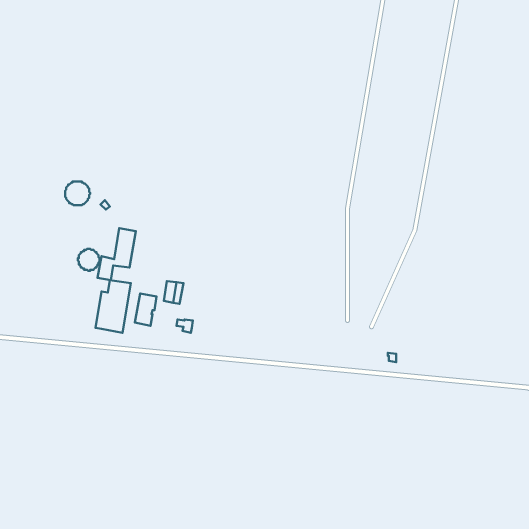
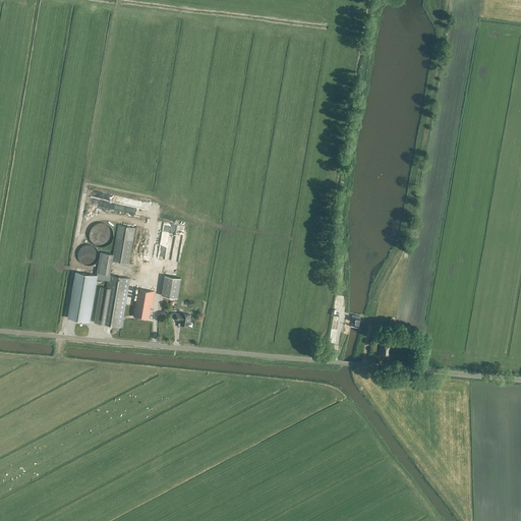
building: [65,181,90,205] -> [89,224,113,247]
building: none -> [68,274,95,322]

